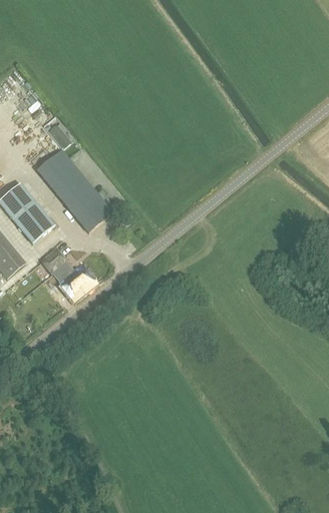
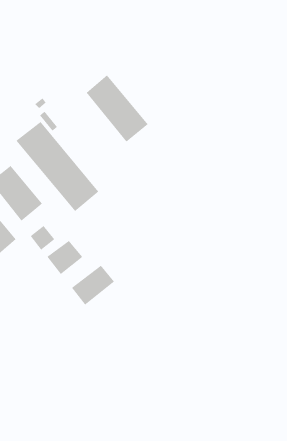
building: none -> [86,74,149,142]
building: none -> [71,265,115,305]

